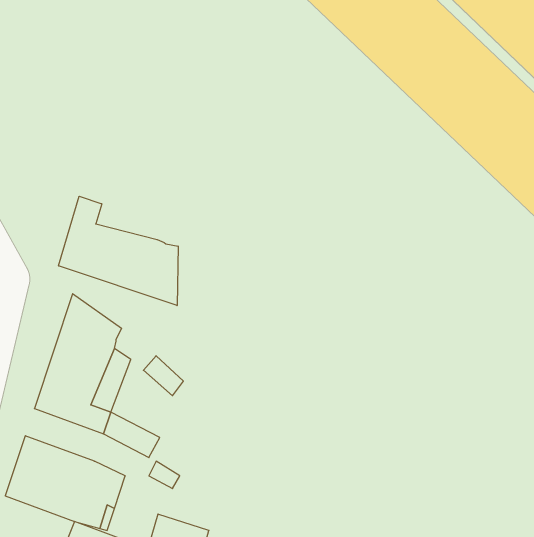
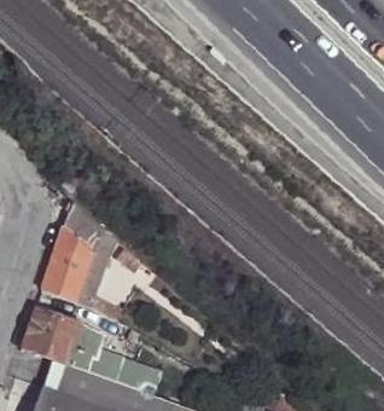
building: [59,196,178,306] -> none

